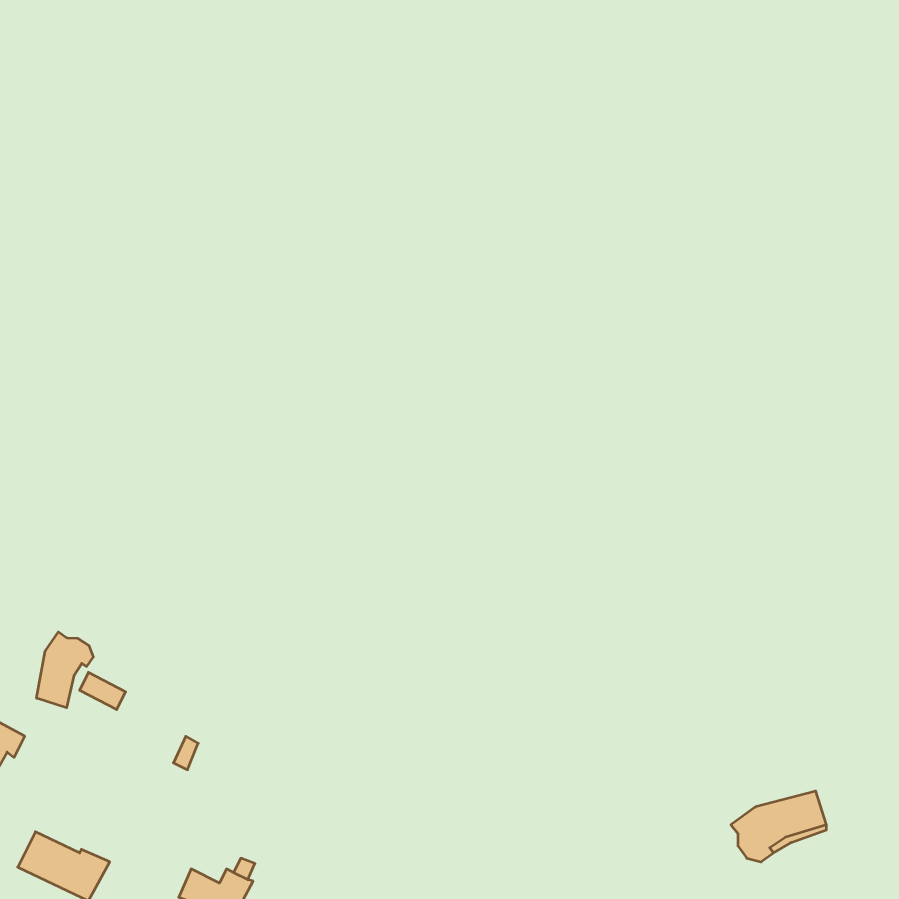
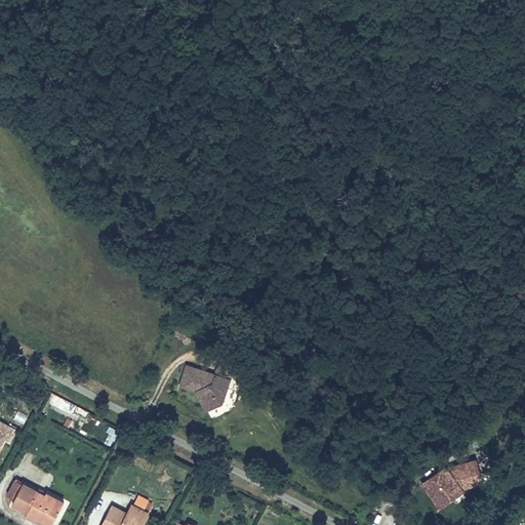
building: none -> [177,366,242,415]
building: [37,632,93,708] -> none

